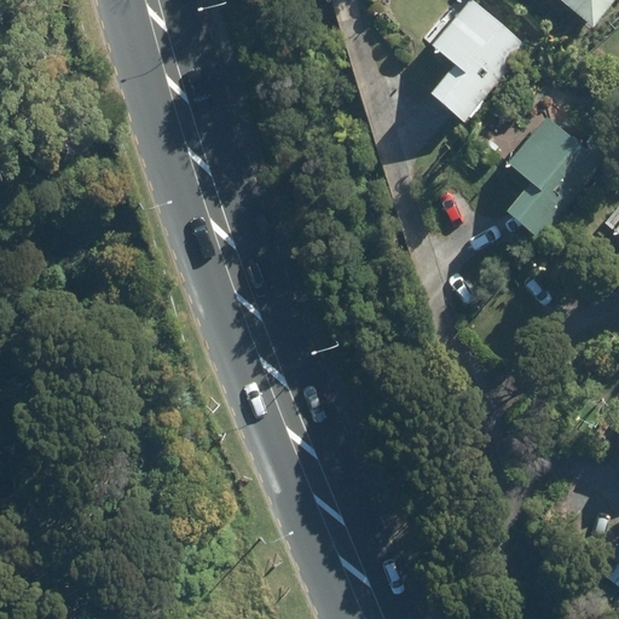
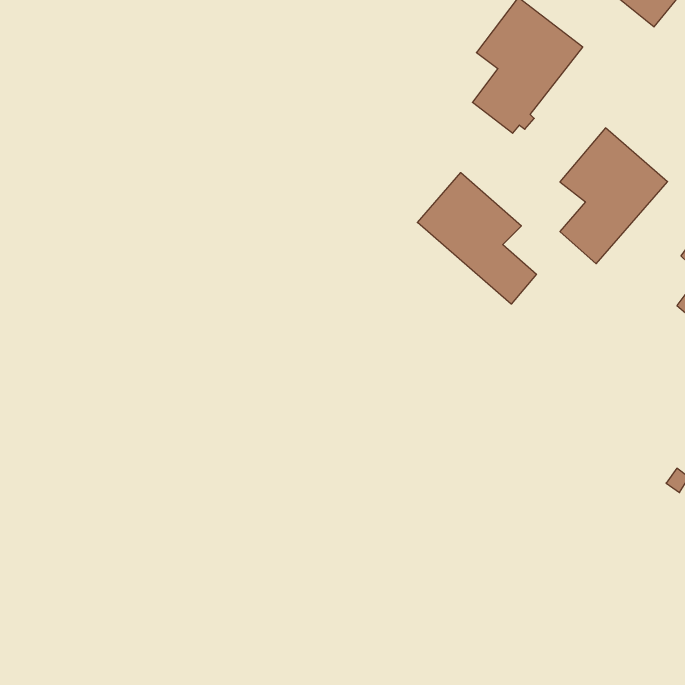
building: none -> [417,173,536,304]

